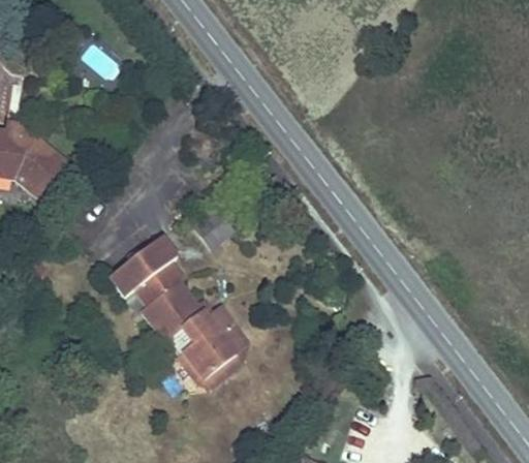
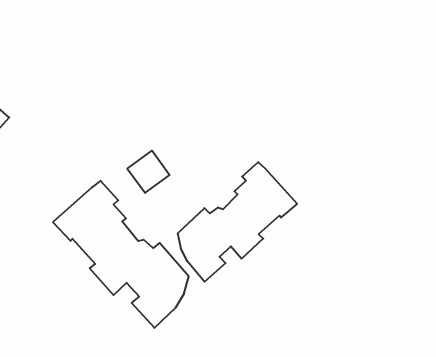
building: none -> [178,162,297,282]

